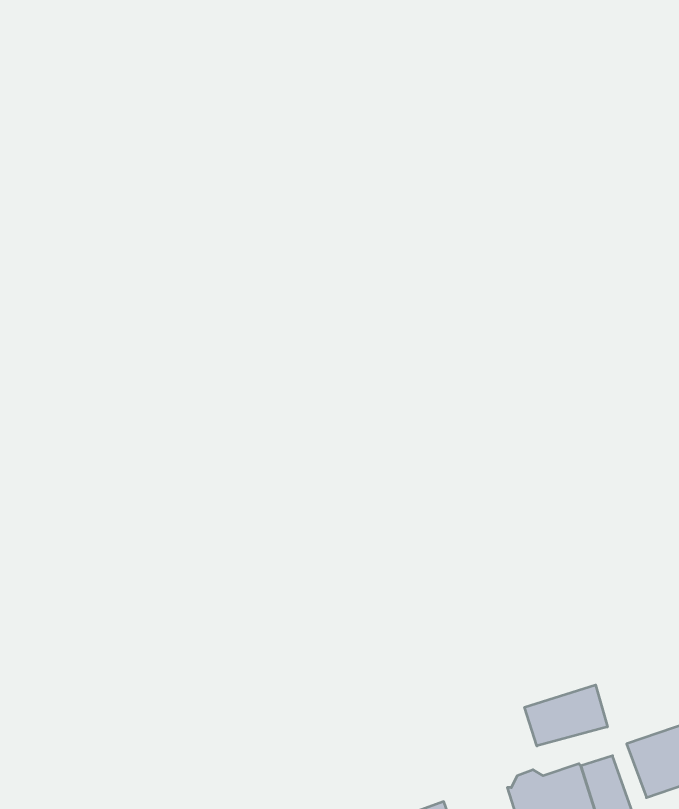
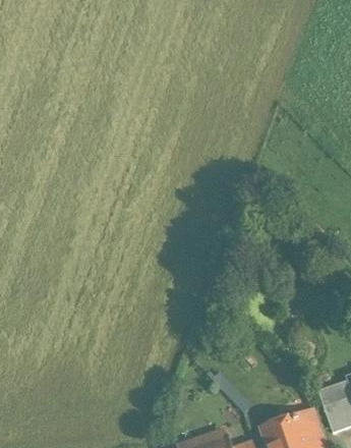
building: [525,685,607,746] -> none

